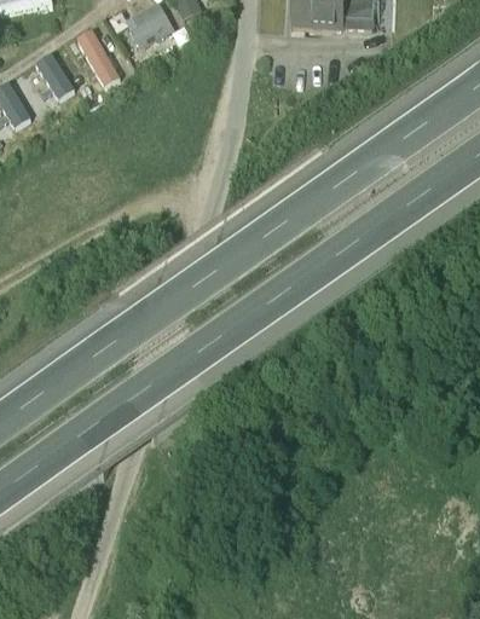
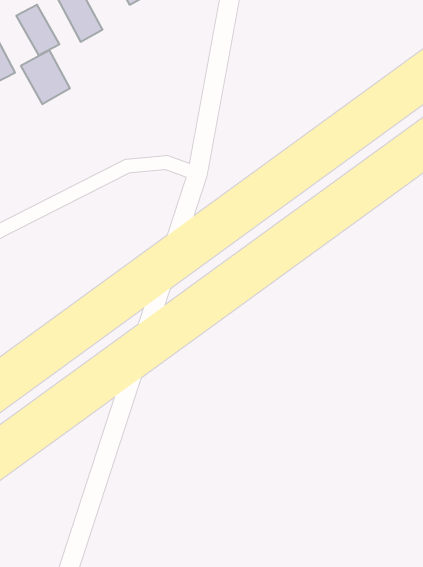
building: none -> [21,50,70,104]

